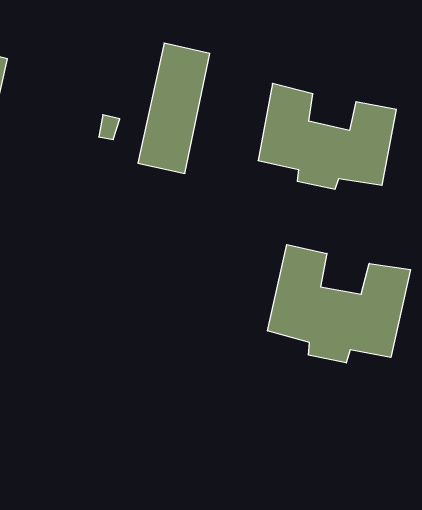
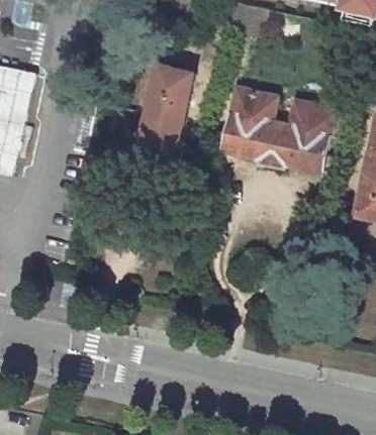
building: [268,245,411,363] -> none

